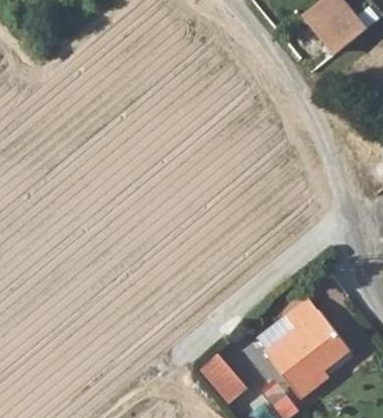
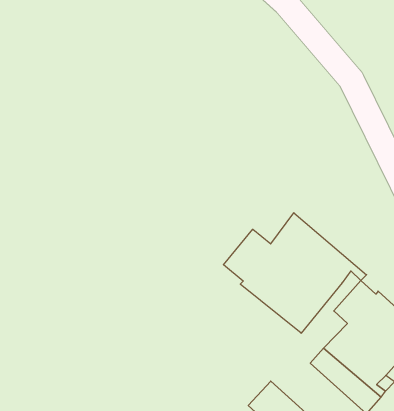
building: none -> [223,213,367,333]

